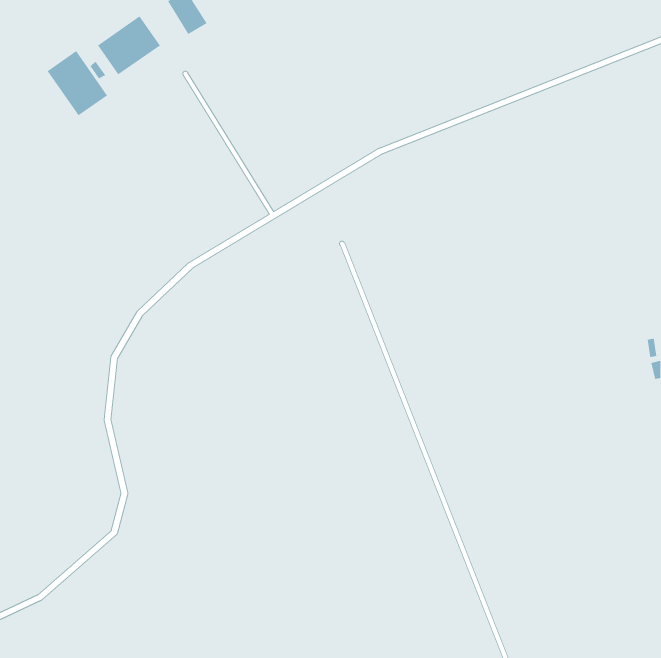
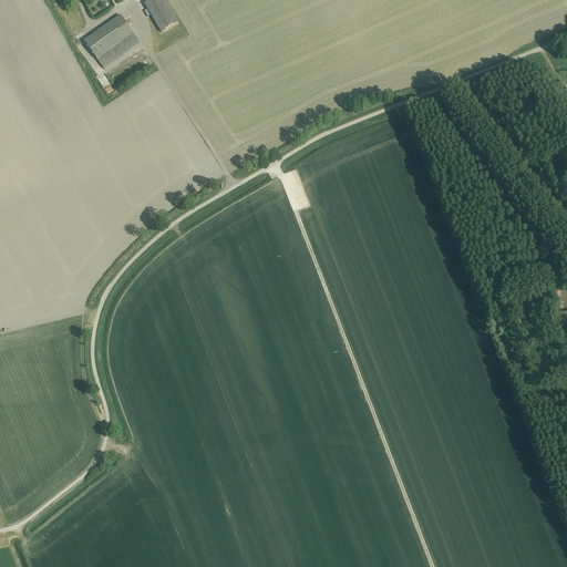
building: [47,50,108,116] -> none

